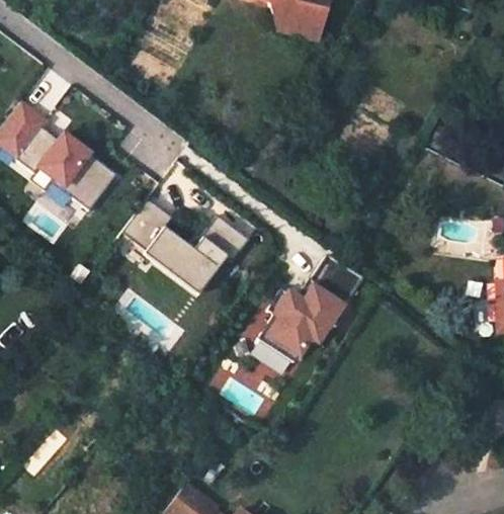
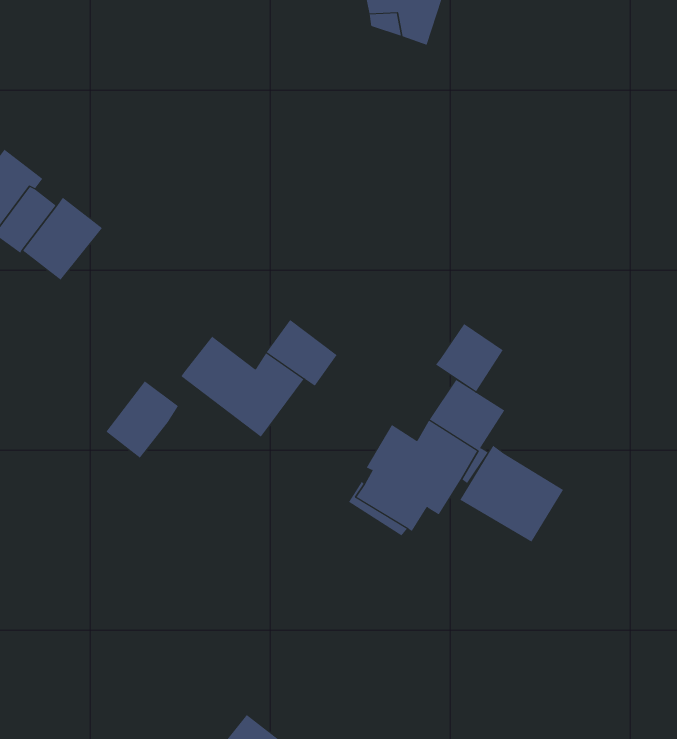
building: [61,155,115,210] -> none
building: [120,199,170,252] -> [106,381,179,458]
building: none -> [435,323,503,392]
building: none -> [460,445,564,542]

